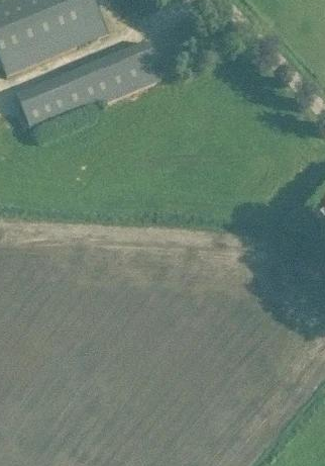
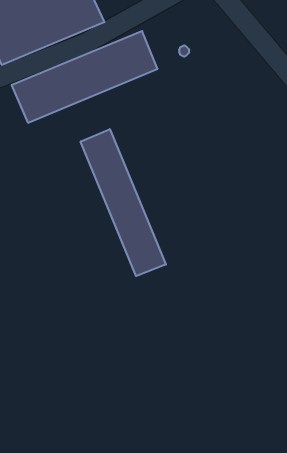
building: none -> [81,129,166,276]

